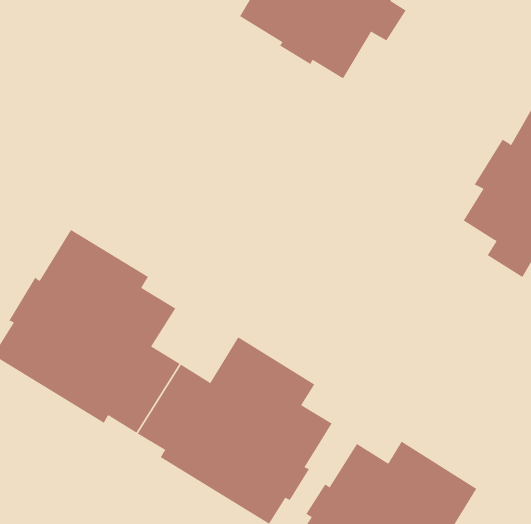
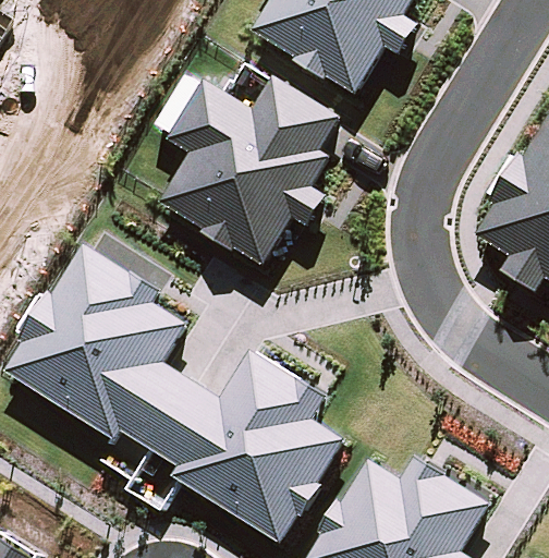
building: none -> [159,74,340,264]

